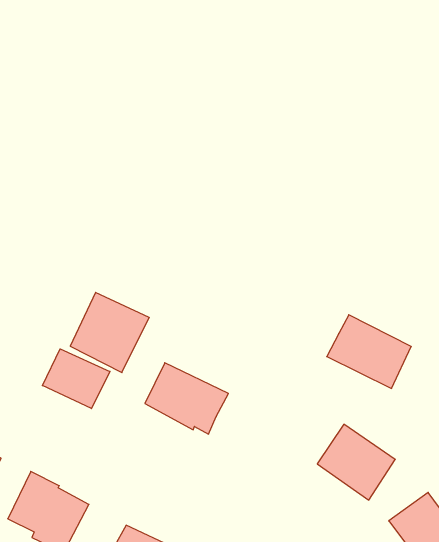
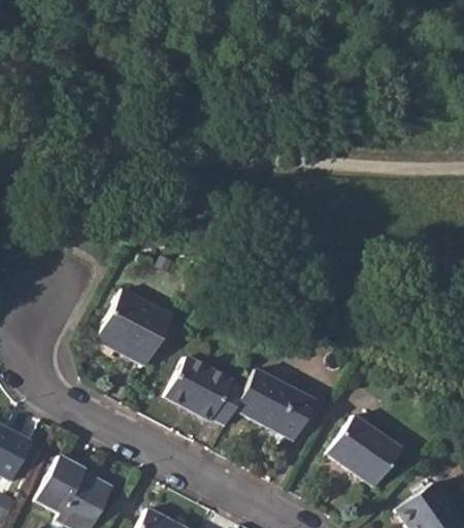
building: [327,315,411,388] -> [234,368,313,437]
building: [42,349,110,409] -> none

